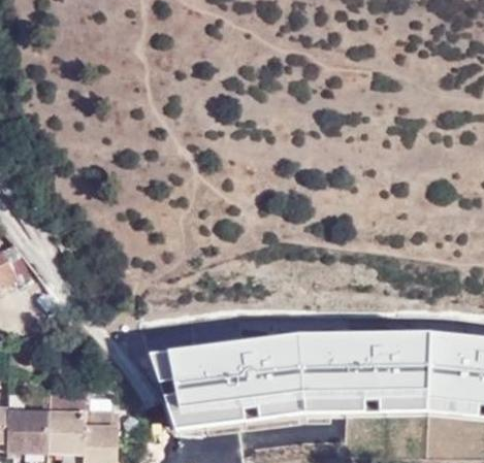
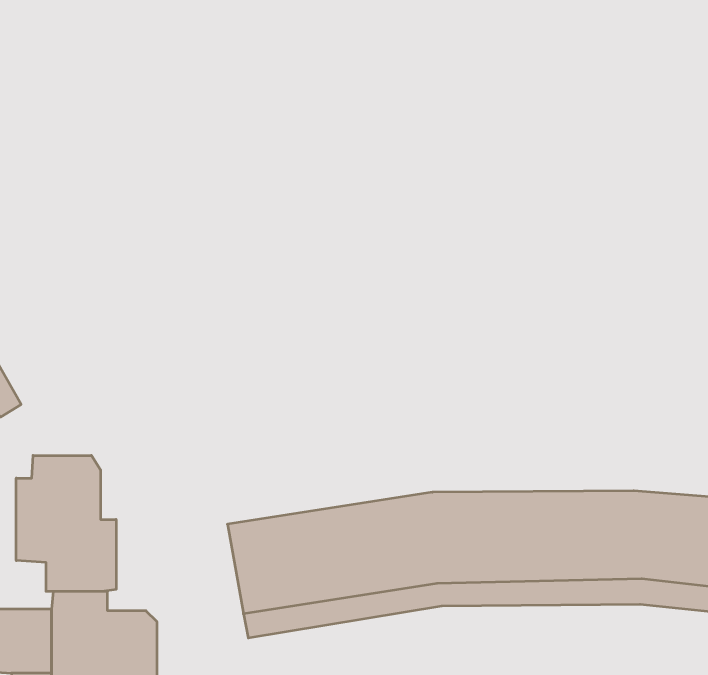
building: none -> [16,455,116,591]

